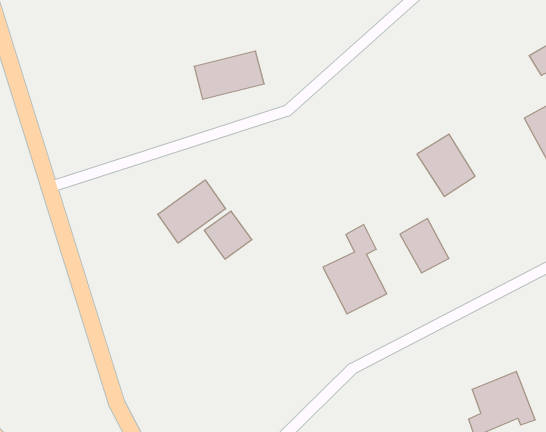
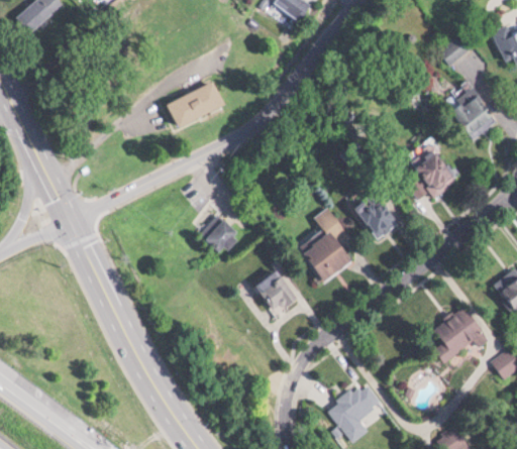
building: [417,134,475,196] -> [408,146,457,197]
building: [158,180,226,243] -> none
building: none -> [256,271,298,313]

